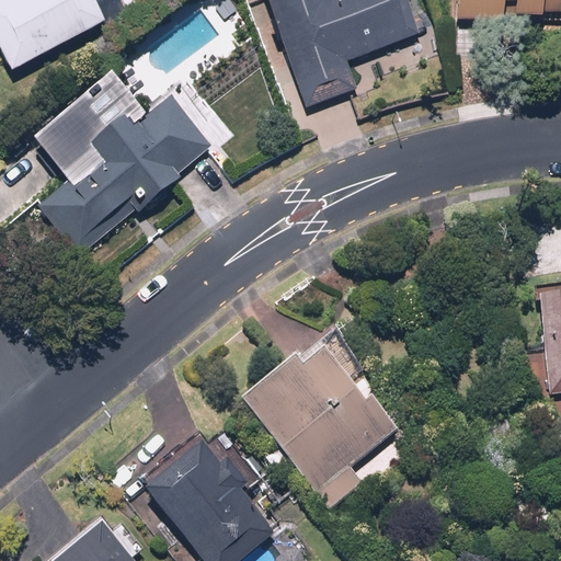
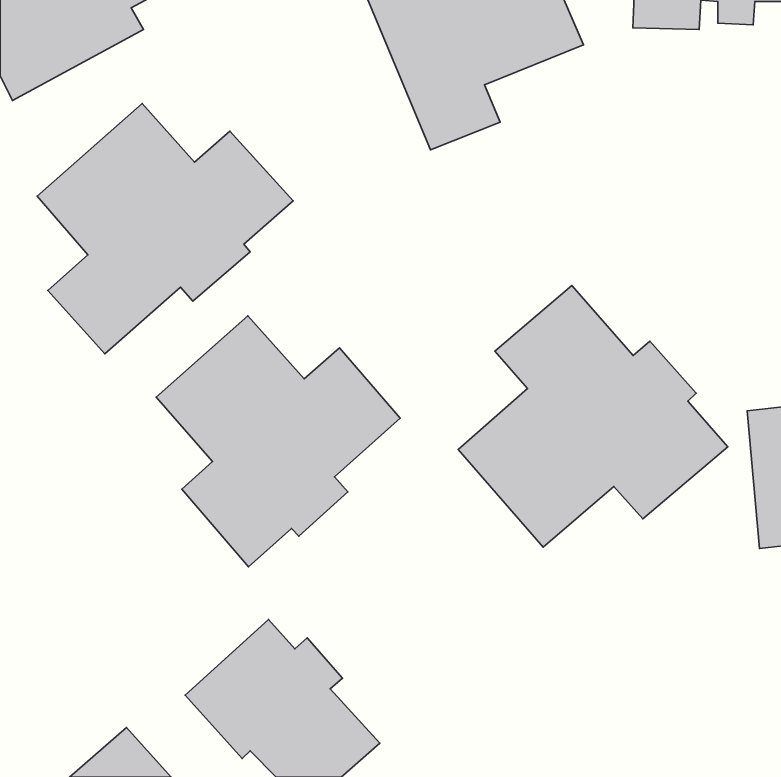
building: none -> [458,285,728,547]
building: none -> [156,316,400,567]
building: [238,345,397,504] -> none

